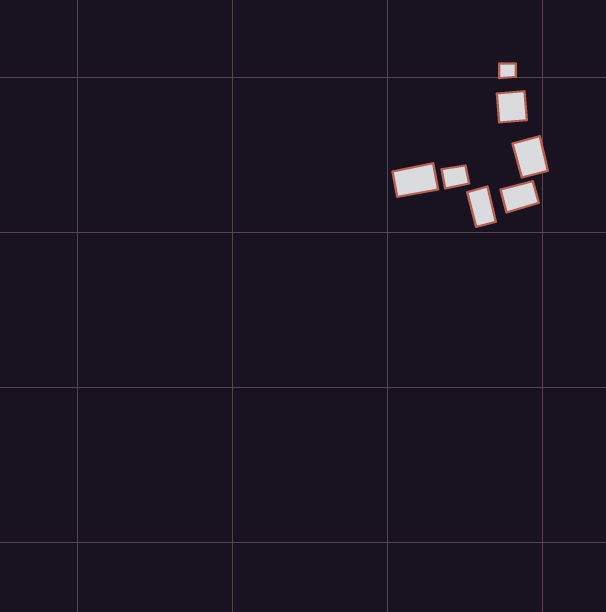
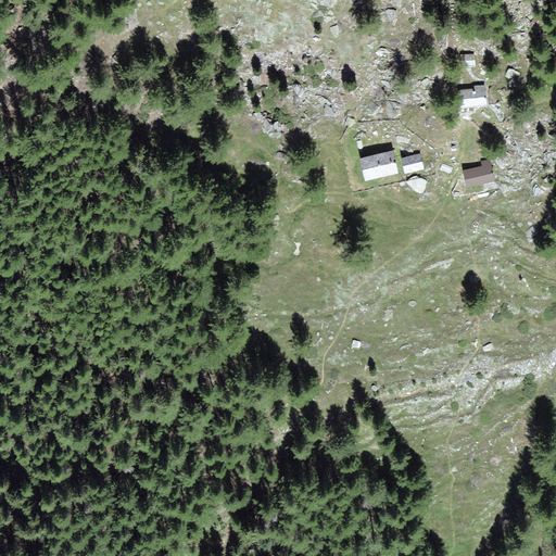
building: [513,136,548,177] -> none
building: [467,187,496,227] -> none

